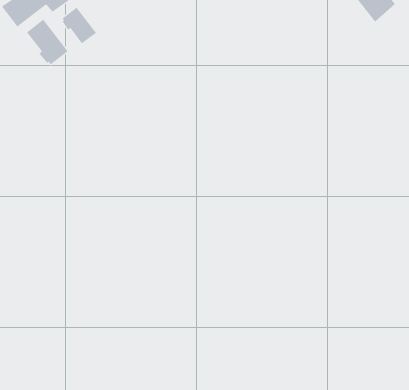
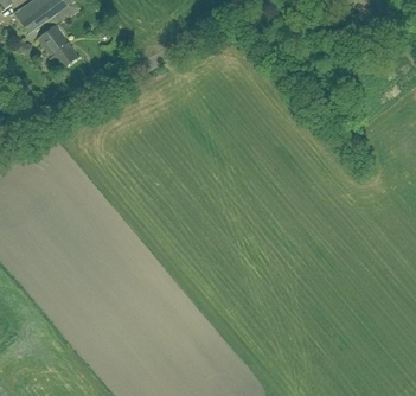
building: [62,7,97,44] -> none

